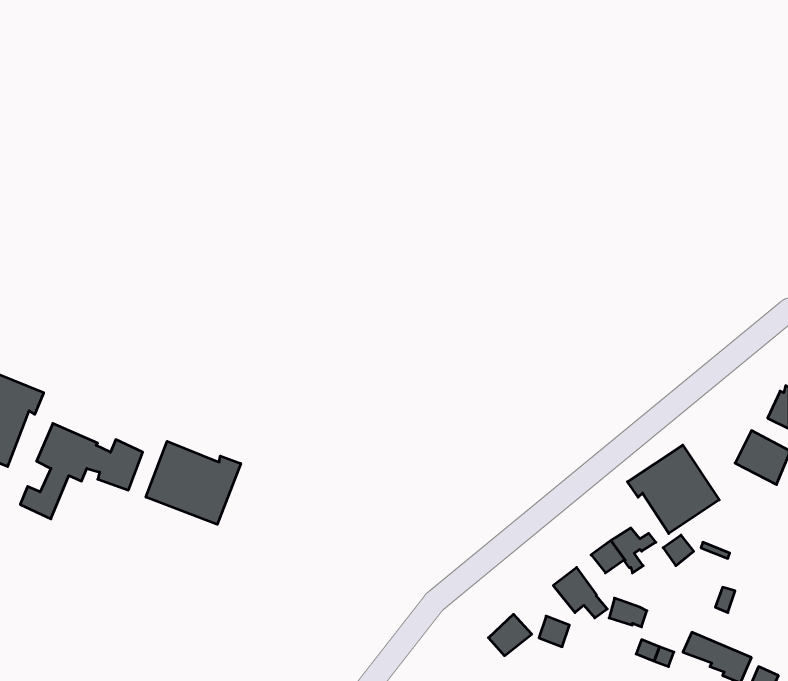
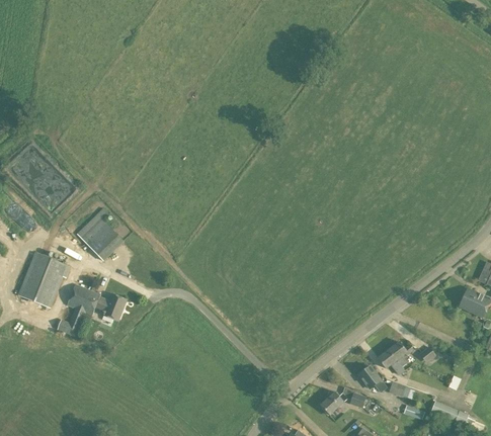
building: none -> [75,207,122,261]
building: [146,441,241,524] -> none
building: [627,445,719,534] -> none

